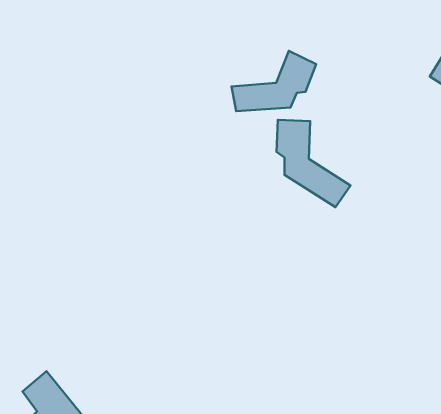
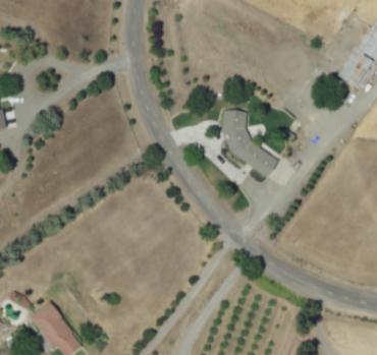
building: [232,51,316,111] -> none

